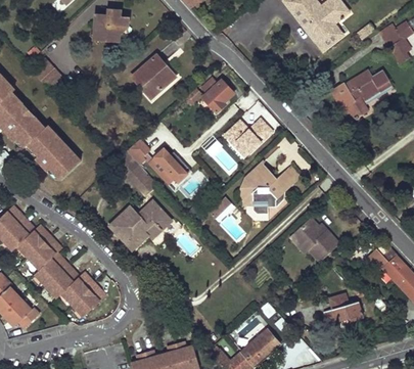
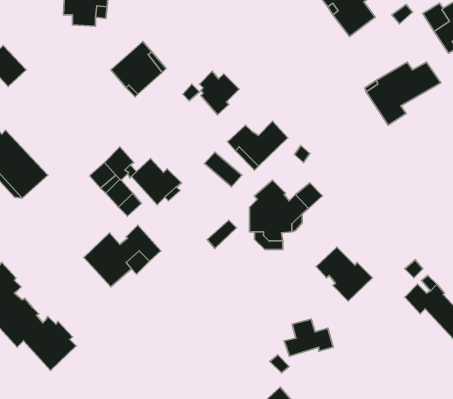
building: [324,294,363,324] -> [284,319,333,356]

